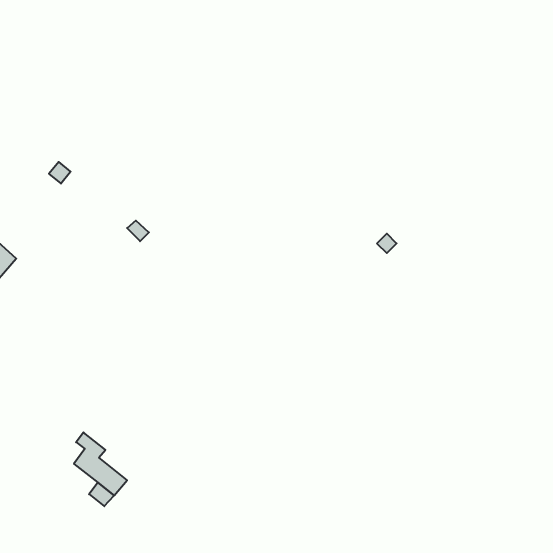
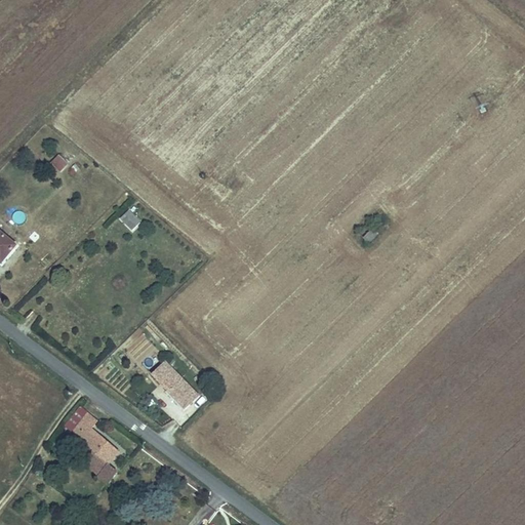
building: none -> [151,361,197,407]

